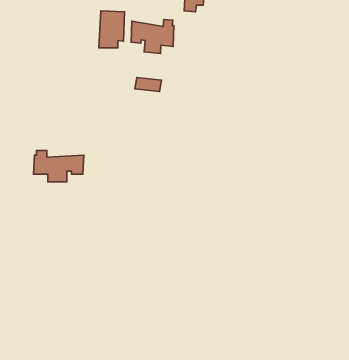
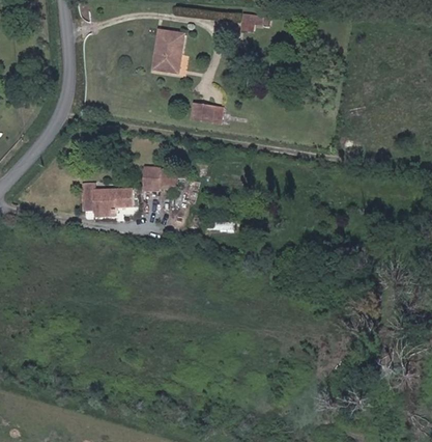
building: [131,19,174,53] -> none
building: none -> [143,165,164,190]

